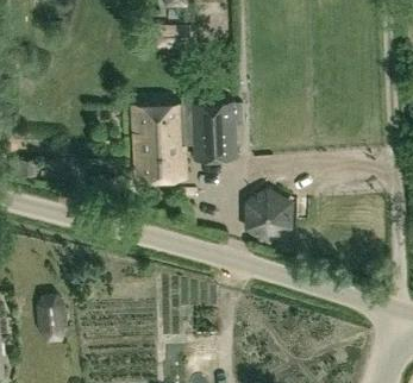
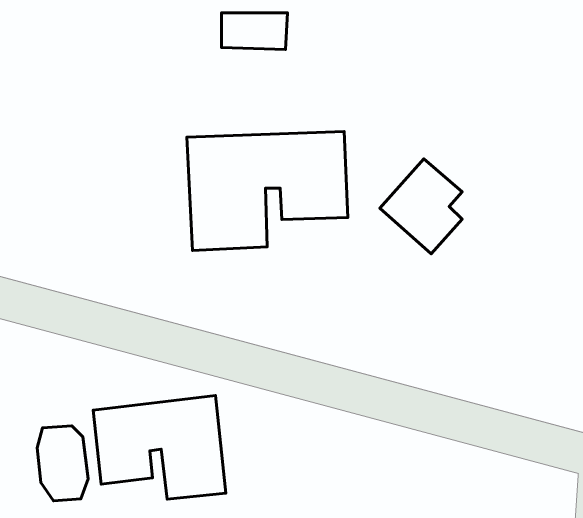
building: [232,180,286,241] -> [380,159,462,254]
building: none -> [93,396,226,499]

